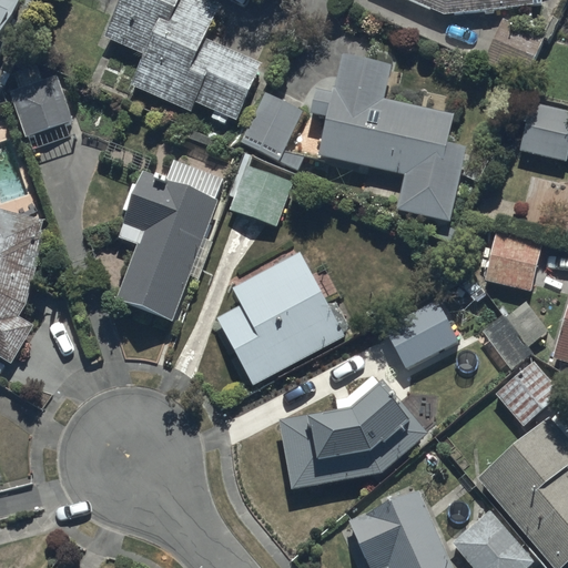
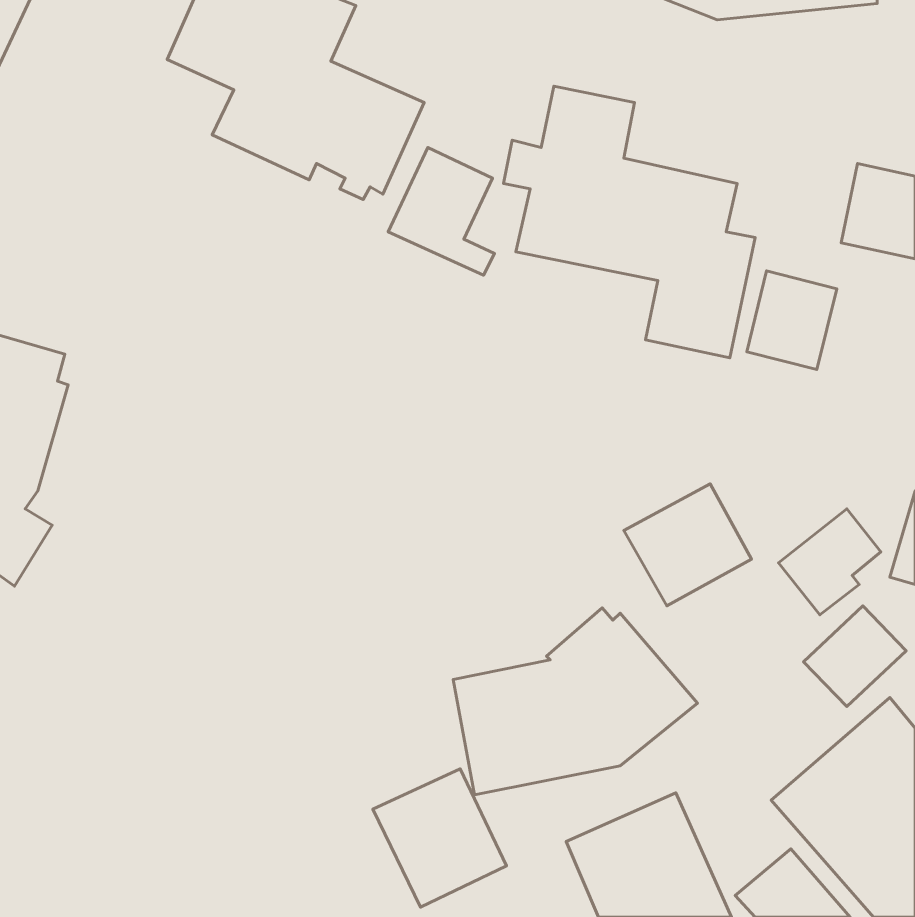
building: [10,75,72,136] -> none
building: [118,160,226,320] -> none
building: [230,165,292,225] -> none
building: [484,241,539,302] -> [747,271,837,370]
building: [216,250,351,386] -> none
building: none -> [373,769,506,907]

